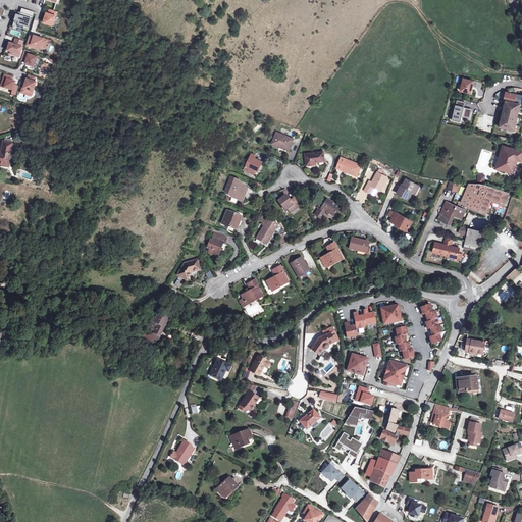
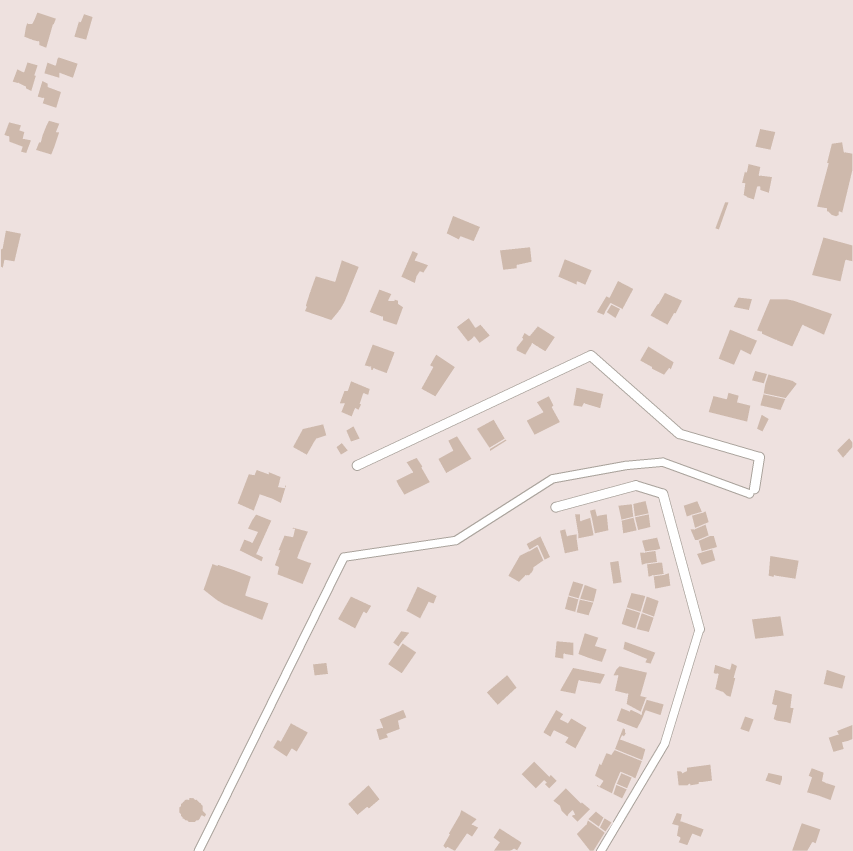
building: none -> [304,260,360,321]
building: none -> [237,469,287,511]
building: none -> [274,527,312,585]
building: none -> [203,563,269,621]

